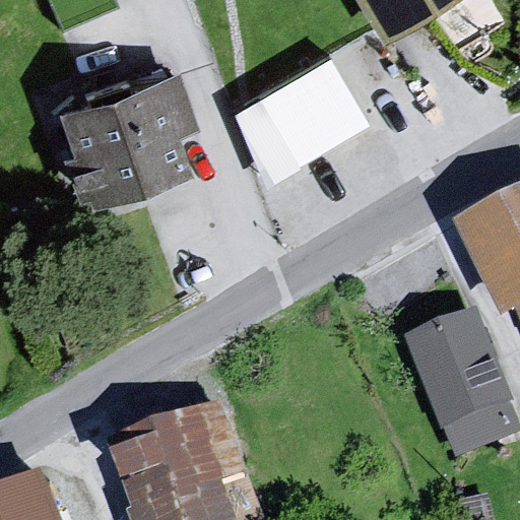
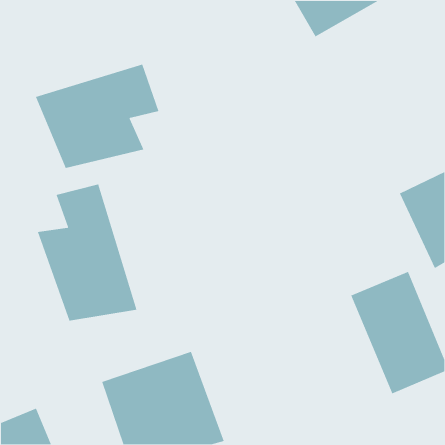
building: [236,61,367,178] -> none
building: none -> [37,184,138,321]

